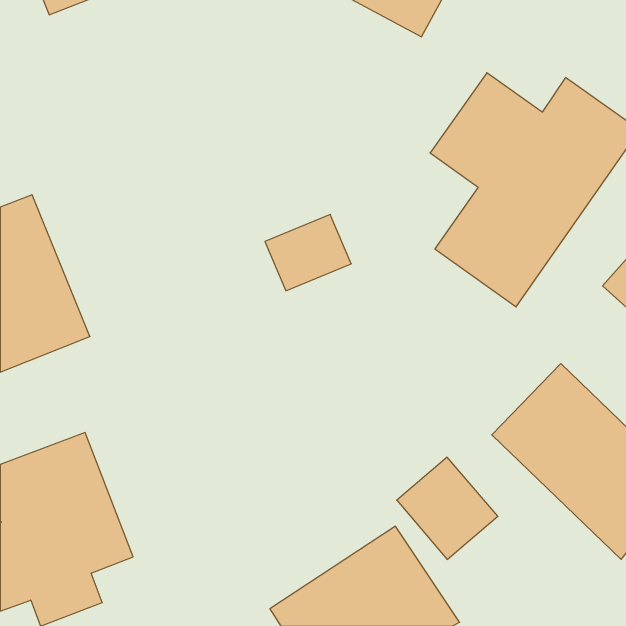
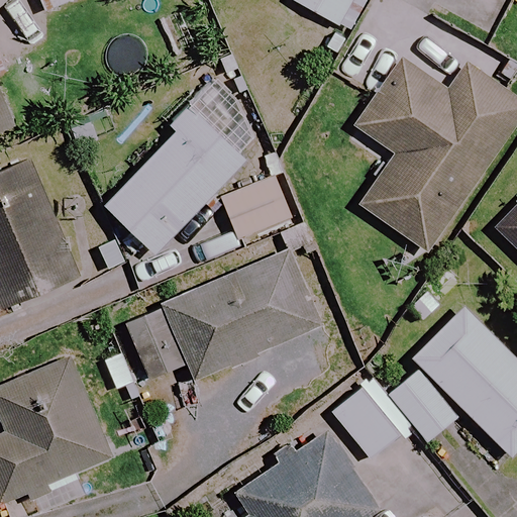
building: none -> [104,109,246,254]
building: none -> [124,248,321,381]

